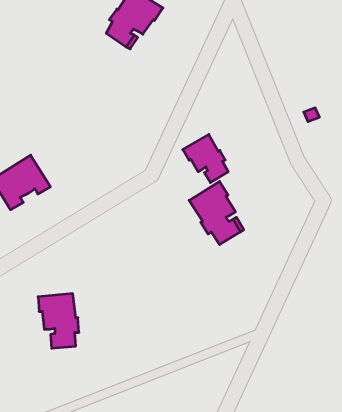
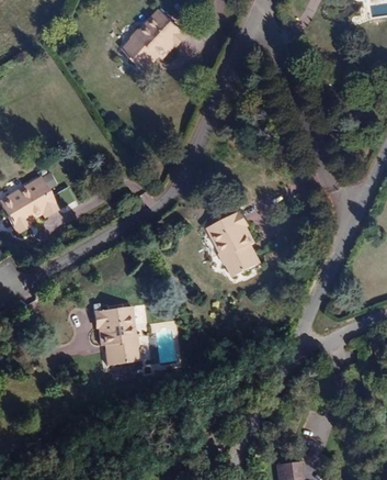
building: [183,134,228,183] -> none
building: [38,294,79,348] -> [93,312,136,369]

